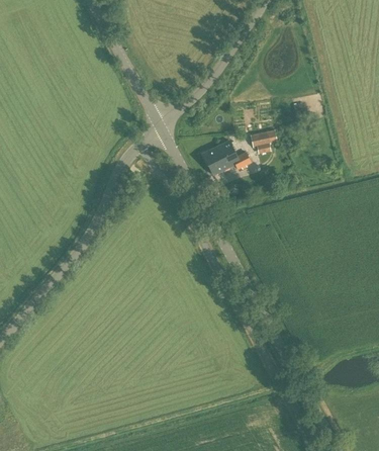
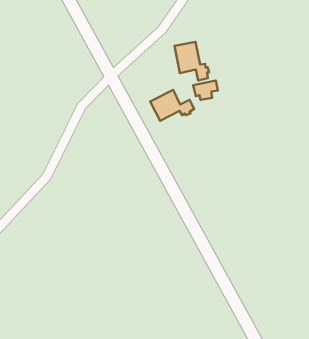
building: none -> [175,42,209,80]

